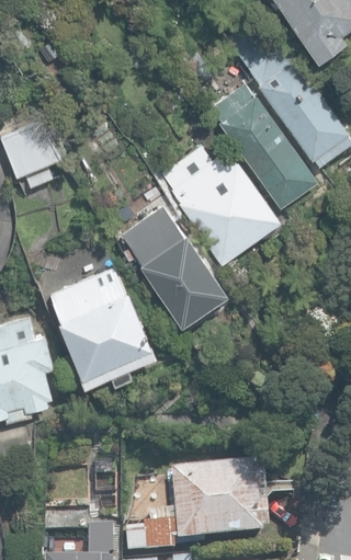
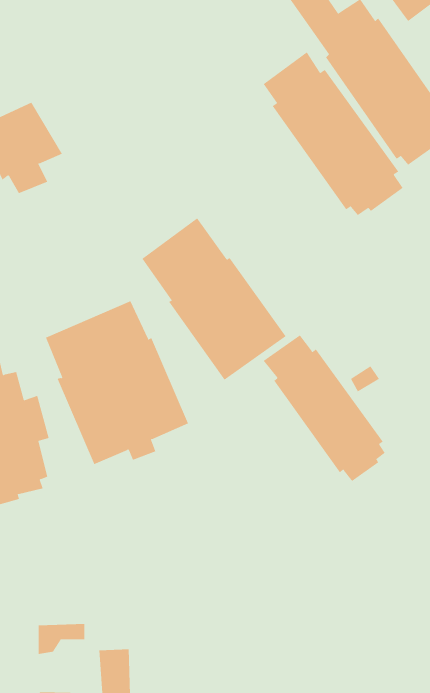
building: [162,146,281,265] -> none
building: none -> [263,334,386,482]
building: [127,459,269,551] -> none

